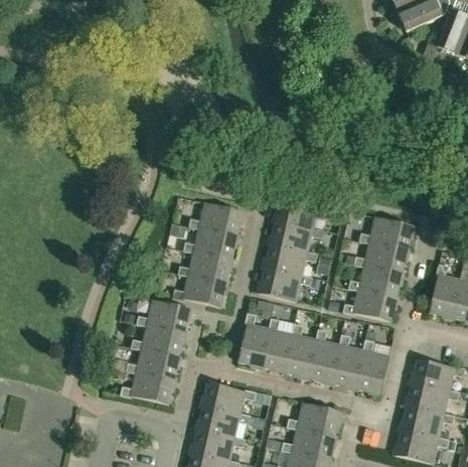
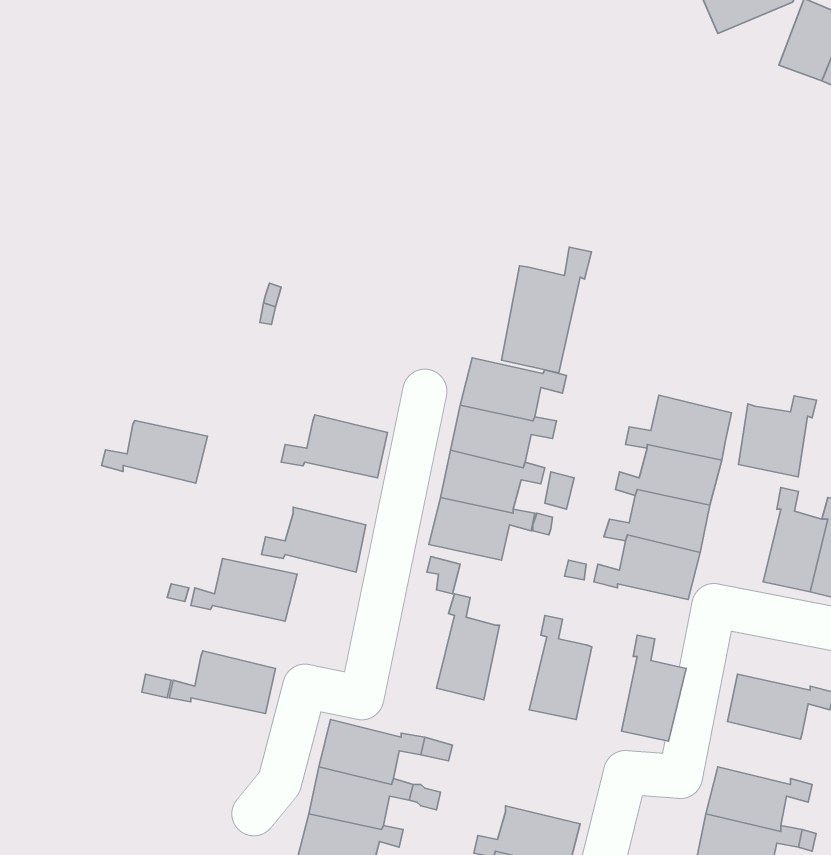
building: none -> [501,247,591,373]
building: [187,202,242,236] -> none
building: none -> [738,396,816,477]
building: [176,251,230,283] -> [101,420,208,483]
building: [237,313,270,366] -> none
building: [285,323,317,377] -> none
building: [129,324,183,356] -> none
building: [332,334,363,388] -> none
building: [119,371,173,404] -> none
building: [405,383,458,416] -> none
building: [285,403,339,436] -> none

